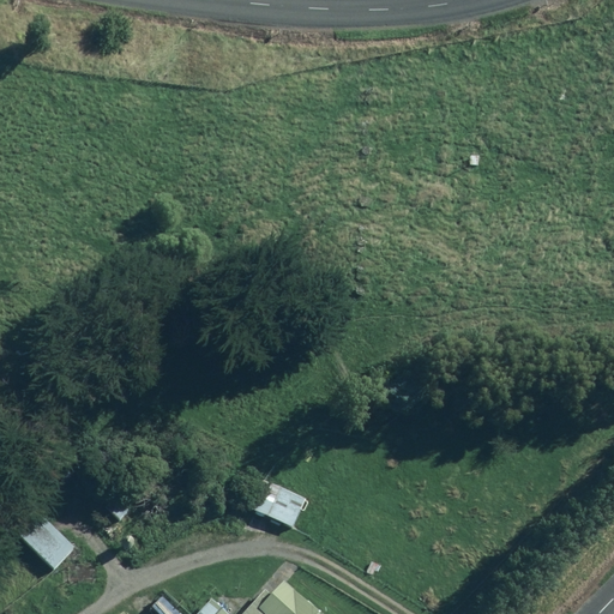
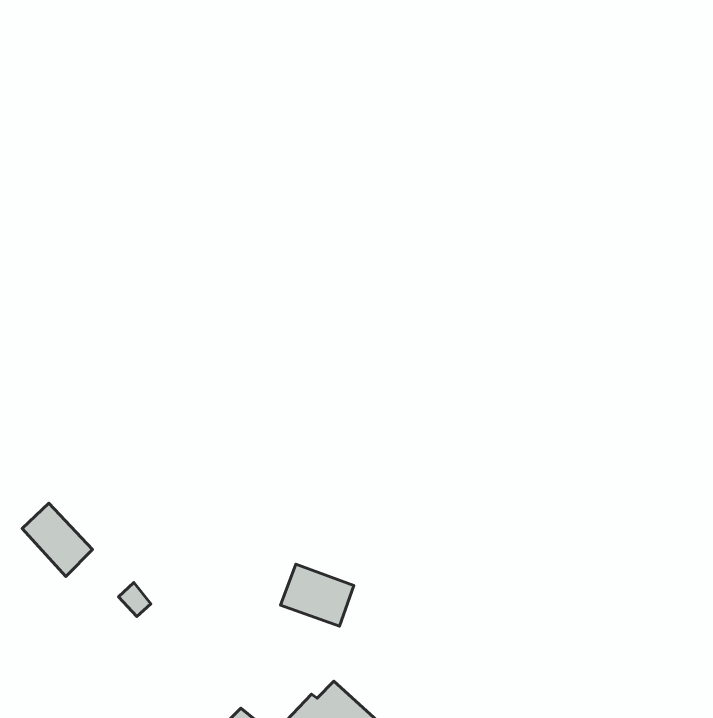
building: [18,511,78,573] -> [22,503,92,576]

